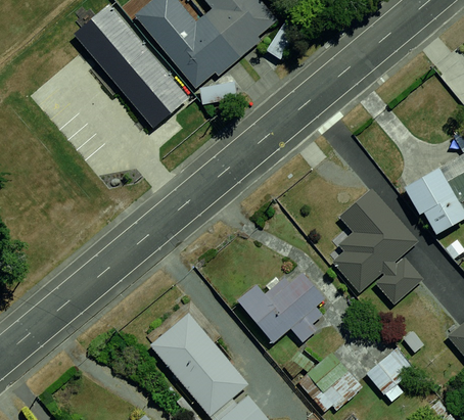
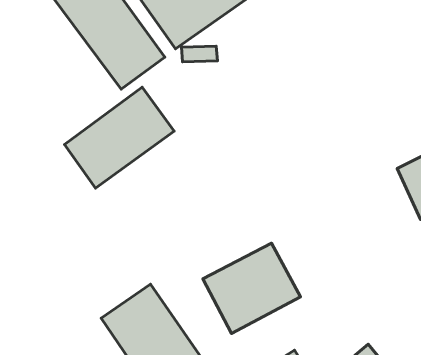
building: none -> [65,87,174,188]
building: [334,192,427,304] -> none

